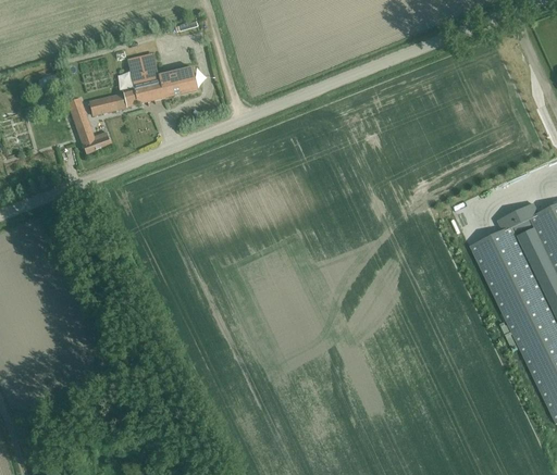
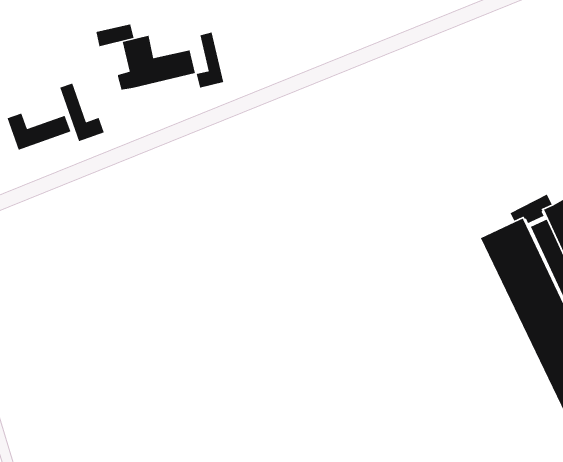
building: none -> [196,31,224,88]
building: [89,91,127,114] -> [95,23,135,47]
building: none -> [6,113,71,151]

